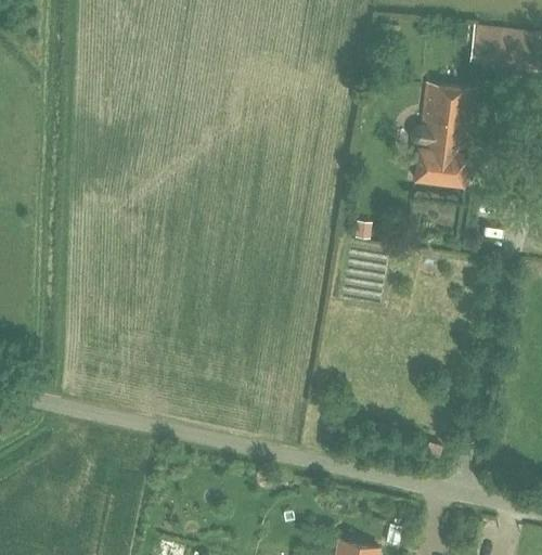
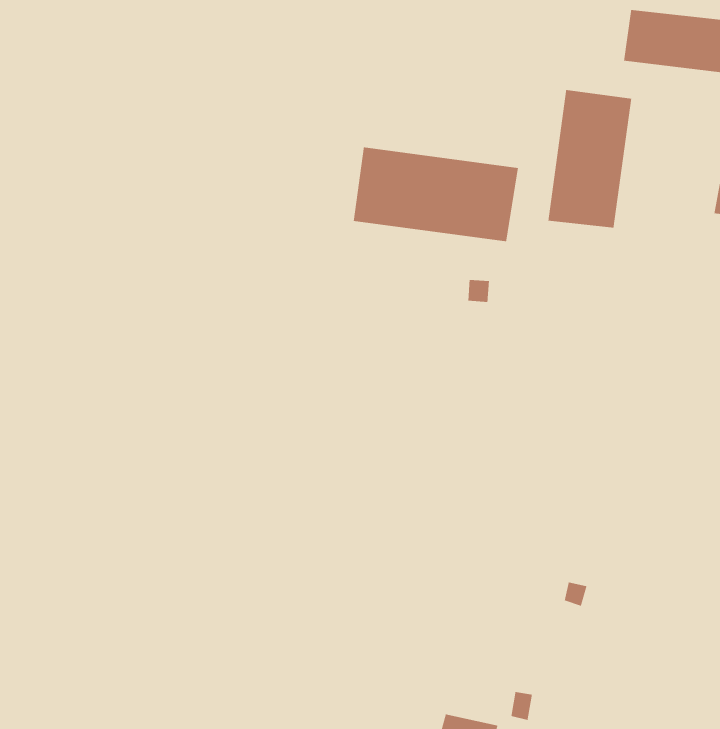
building: none -> [353,147,519,242]

